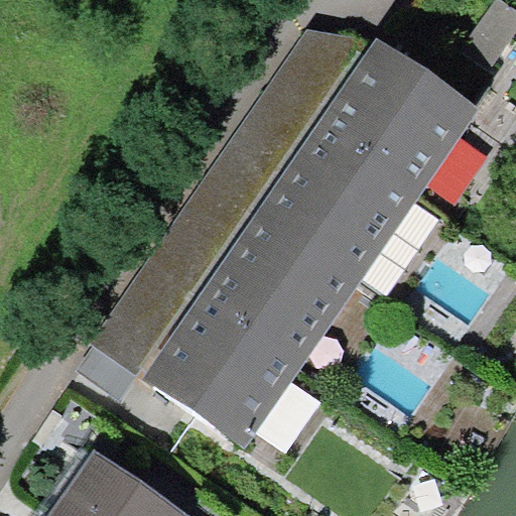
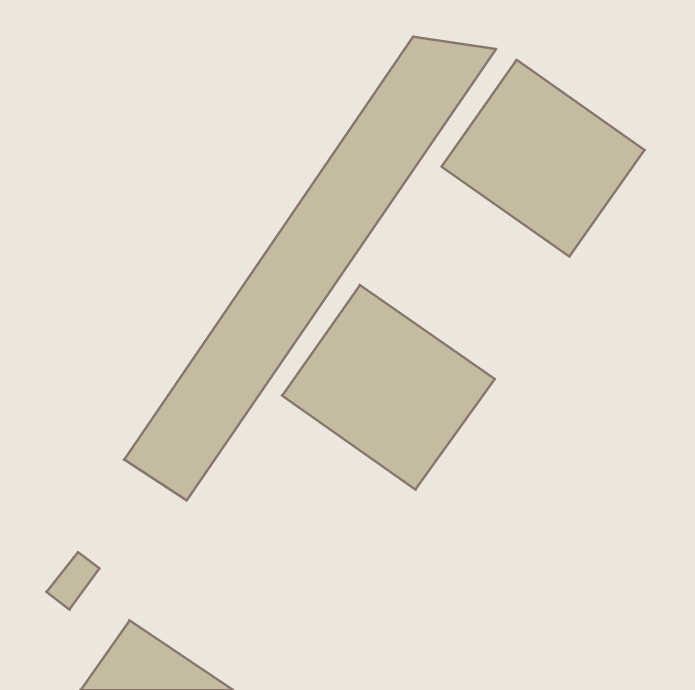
building: [267,123,422,280] -> none
building: [150,292,308,447] -> none

